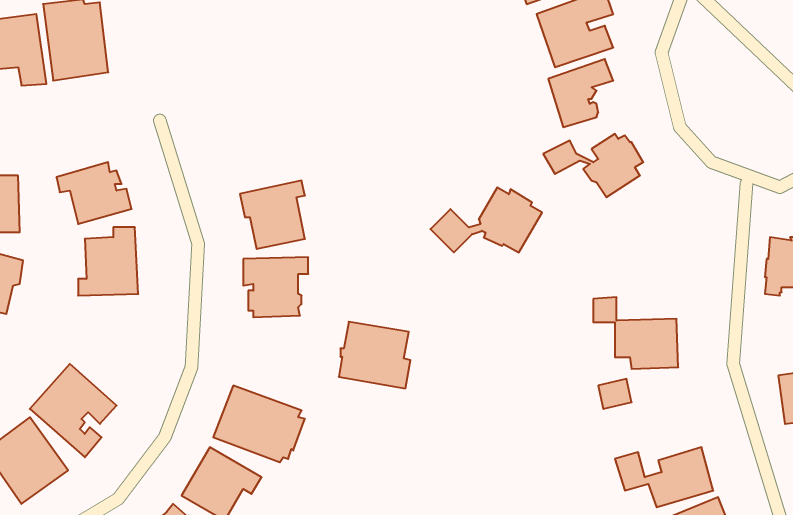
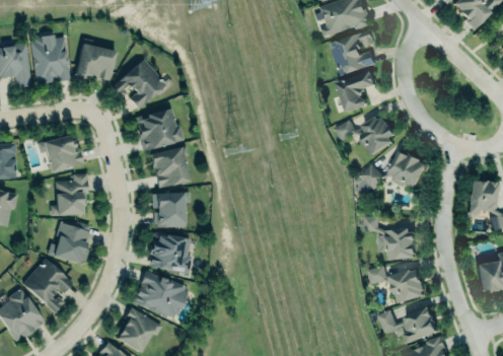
building: none -> [75,43,117,80]
building: none -> [112,58,172,109]
building: none -> [135,108,181,150]
building: [430,188,542,252] -> [360,150,428,190]
building: none -> [47,220,91,264]
building: [339,322,410,388] -> [148,232,192,273]
building: none -> [388,268,426,304]

